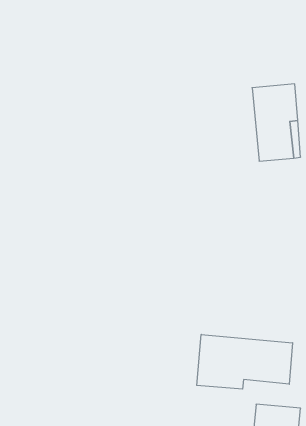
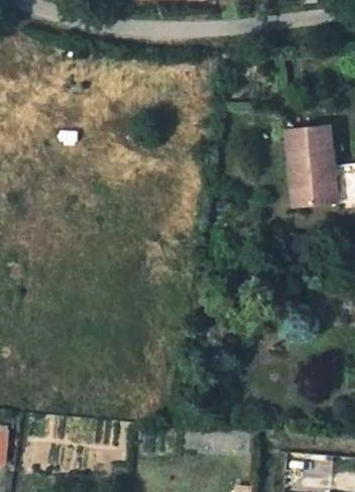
building: [197,334,293,389] -> none

